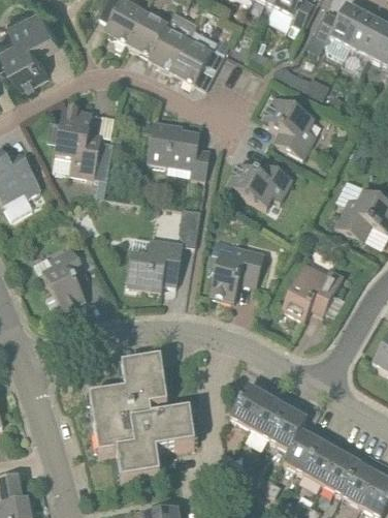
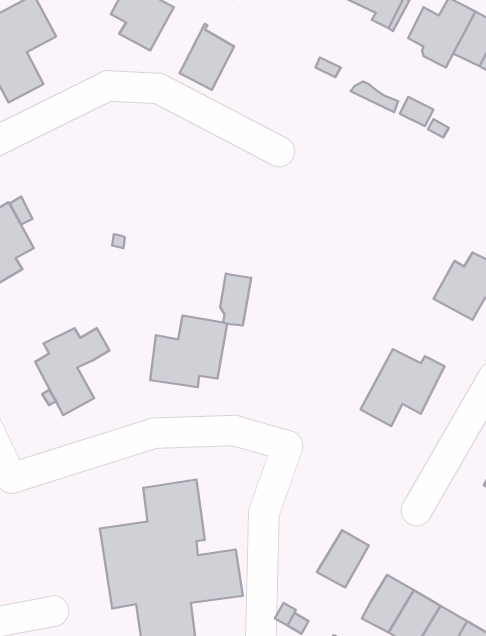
building: [126,9,166,54] -> none
building: [171,38,225,83] -> none
building: [262,96,316,157] -> none
building: [54,105,99,176] -> none
building: [146,121,209,176] -> none
building: [226,161,292,206] -> none
building: [208,244,263,299] -> none
building: [229,384,267,426] -> none
building: [269,406,306,449] -> none

